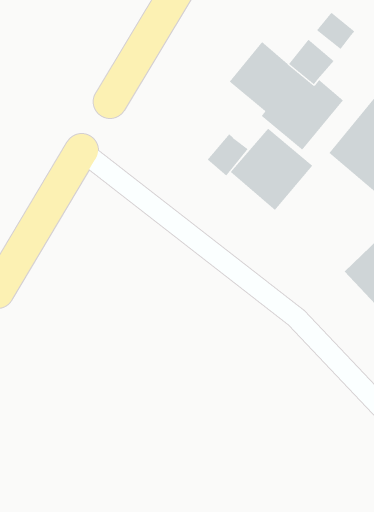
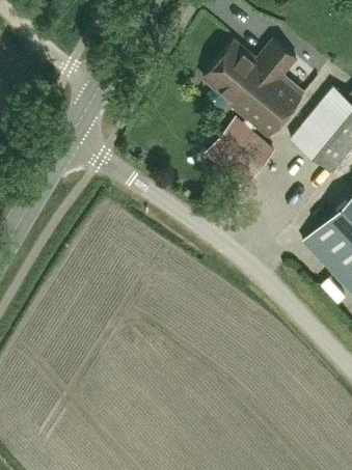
building: [316,12,355,50] -> none
building: [207,133,248,176] -> none

